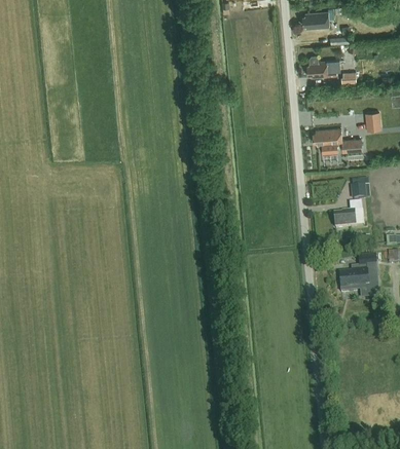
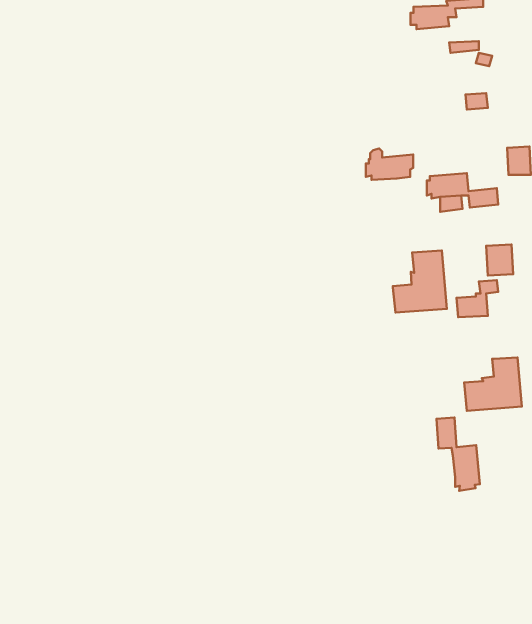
building: [305,57,338,78] -> [366,149,413,180]
building: none -> [393,251,447,313]
building: none -> [436,417,480,491]

